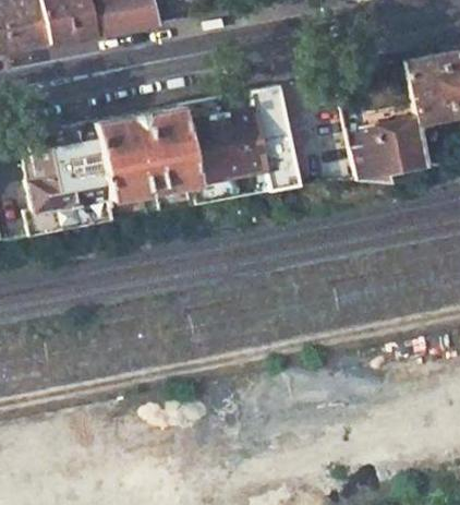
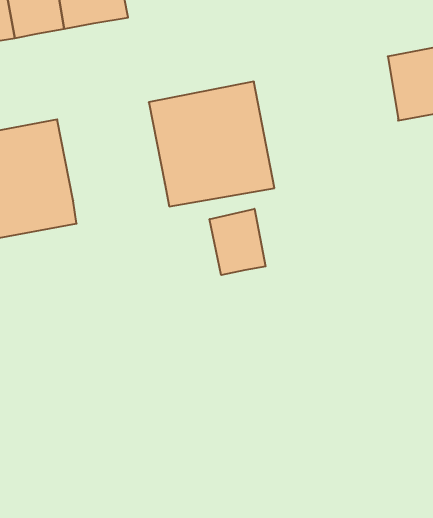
building: [92,106,194,200] -> none
building: [349,121,424,190] -> none
building: none -> [210,209,266,275]

